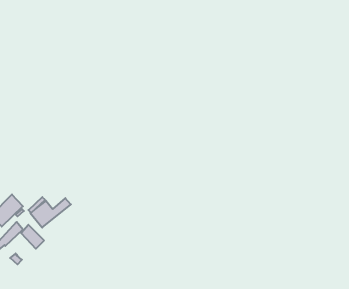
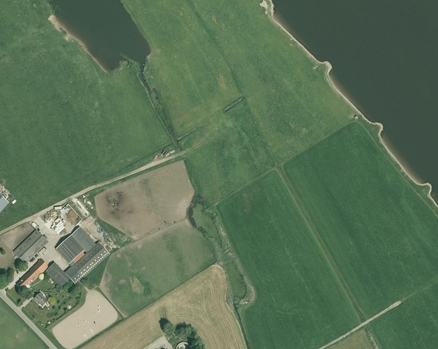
building: none -> [65,242,109,285]

